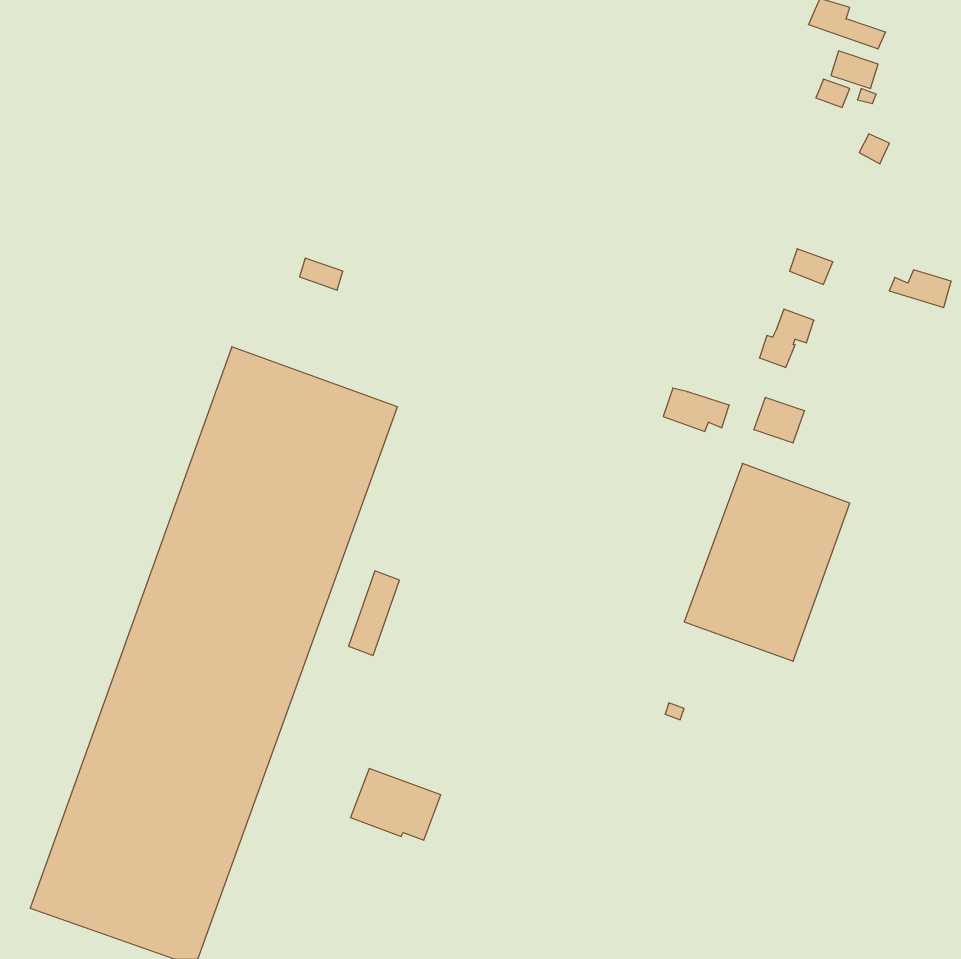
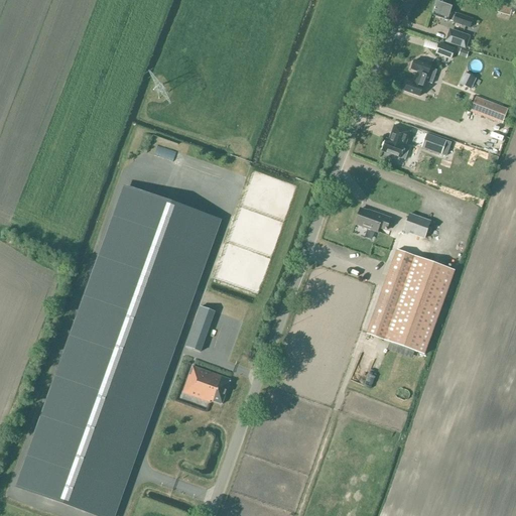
building: none -> [404,58,437,95]
building: [889,270,951,308] -> [475,101,508,121]
building: [759,309,814,367] -> [382,124,411,155]
building: [350,769,441,840] -> [183,365,232,403]

